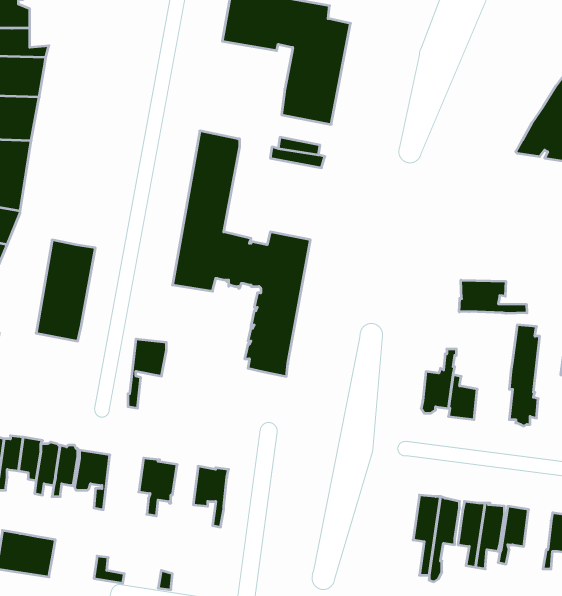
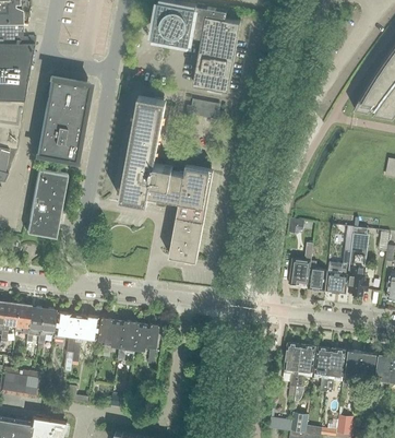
building: none -> [37,76,87,161]
building: [459,280,527,313] -> none
building: [128,339,166,408] -> [71,316,97,363]
building: none -> [325,264,347,294]
building: none -> [116,321,136,360]
building: none -> [358,353,375,393]

